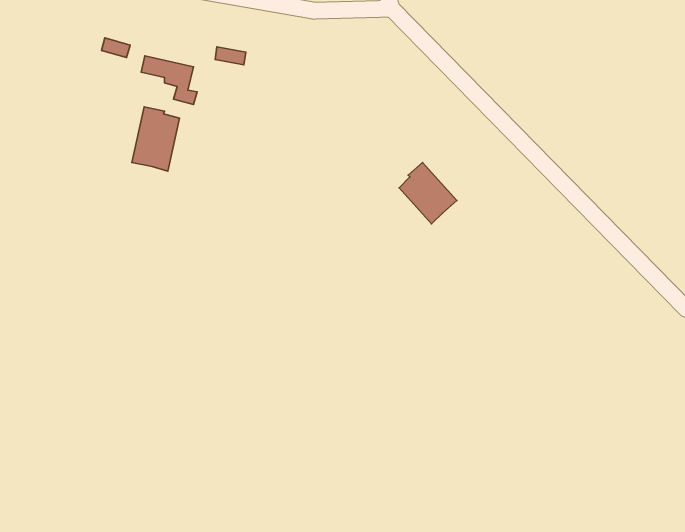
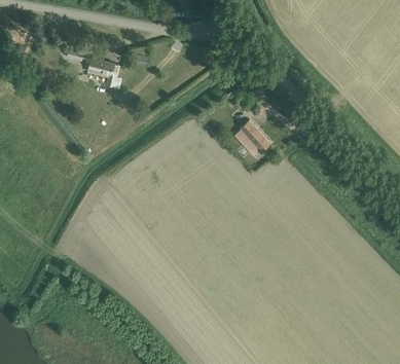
building: [132,107,180,171] -> none

